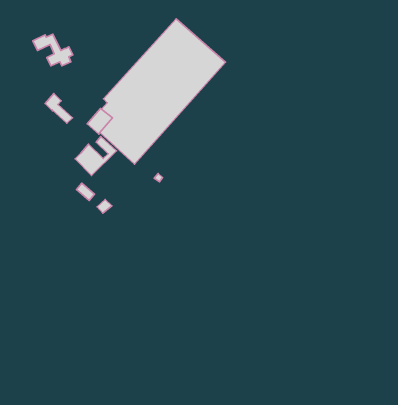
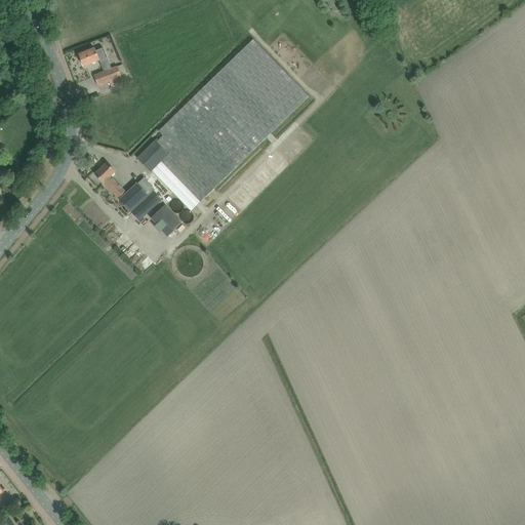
building: [45,94,72,123] -> [94,162,126,199]
building: none -> [150,204,186,241]

